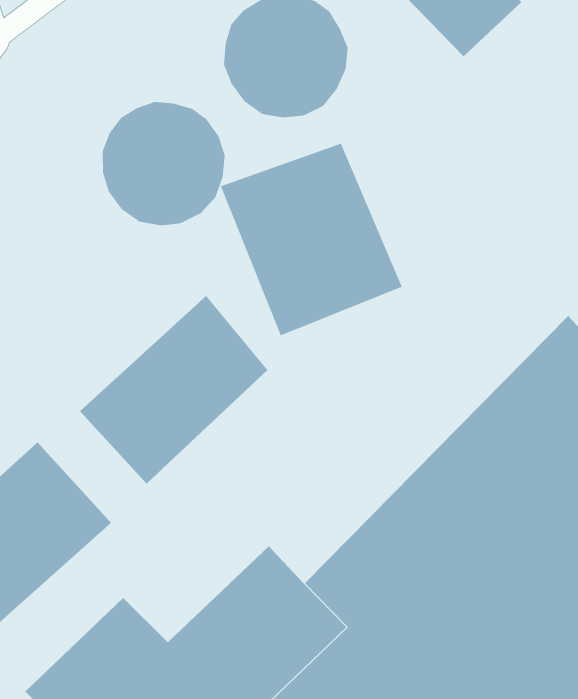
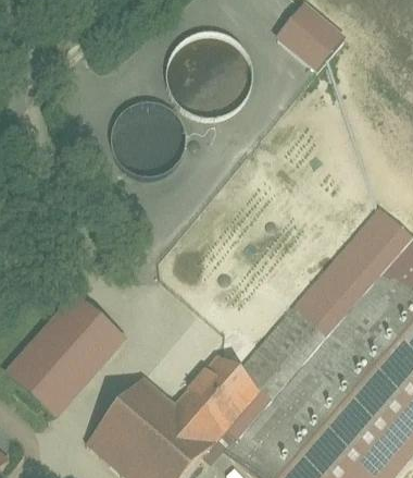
building: [220,143,402,336] -> none
building: [79,295,268,485] -> none

